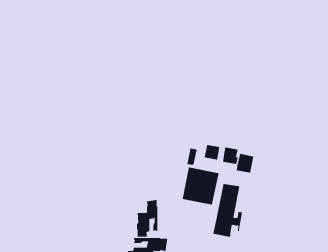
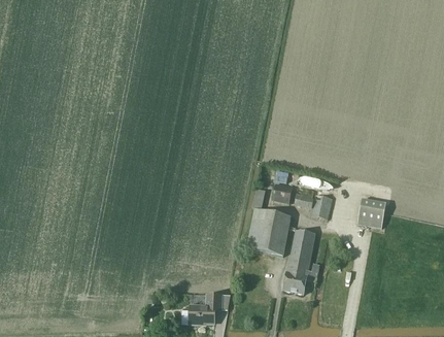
building: none -> [356,198,385,227]
building: [136,199,158,237] -> none

